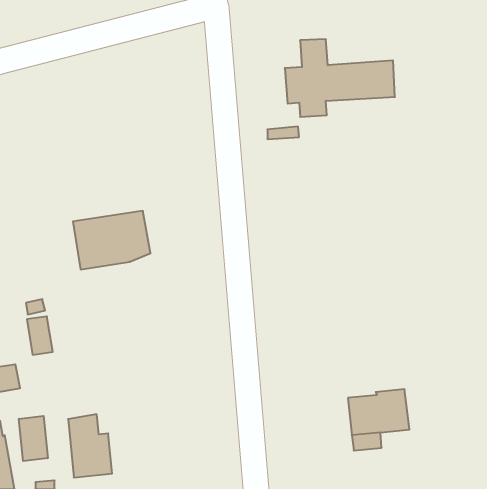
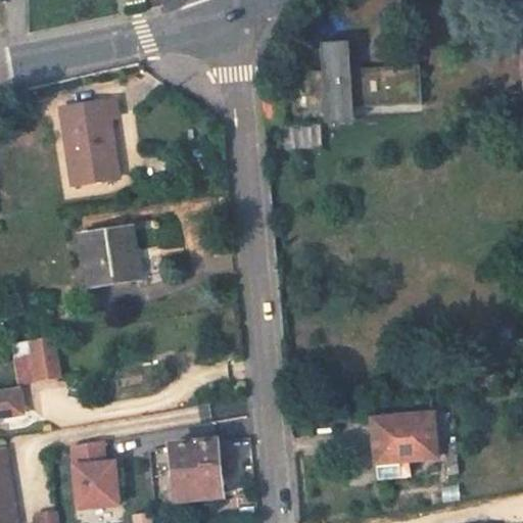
building: none -> [60,102,117,185]
building: none -> [168,440,219,496]
building: [19,416,48,461] -> none

